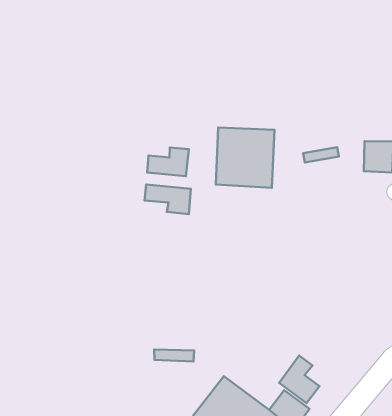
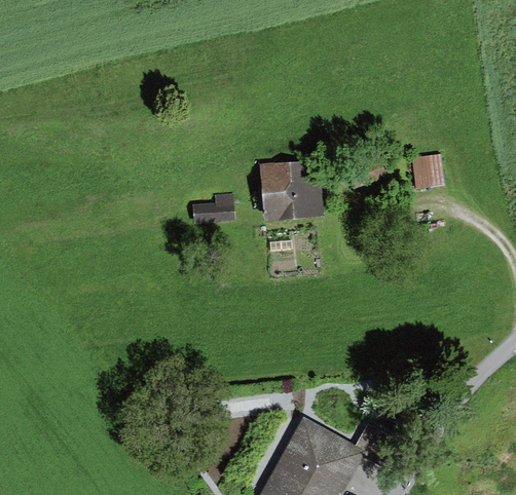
building: [144,184,191,214] -> none
building: [279,355,319,403] -> none

